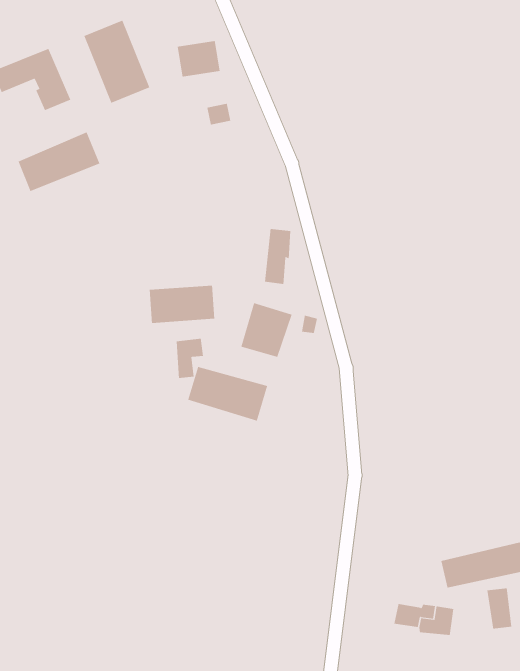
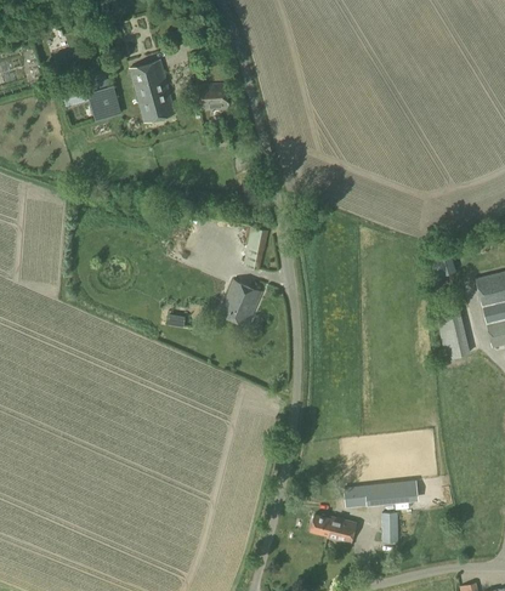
building: [18,131,100,192] -> none
building: [149,285,215,324] -> none
building: [188,366,268,422] -> none

